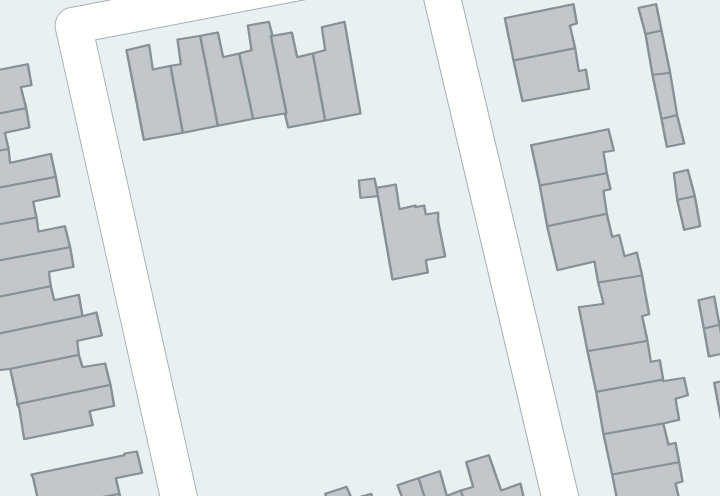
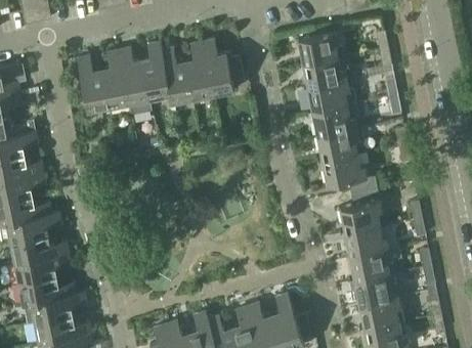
building: none -> [307,80,357,113]
building: [377,184,445,280] -> [204,39,244,94]
building: none -> [17,275,76,304]

